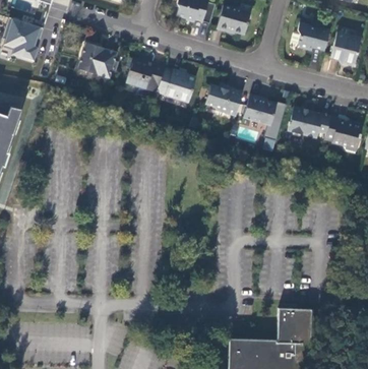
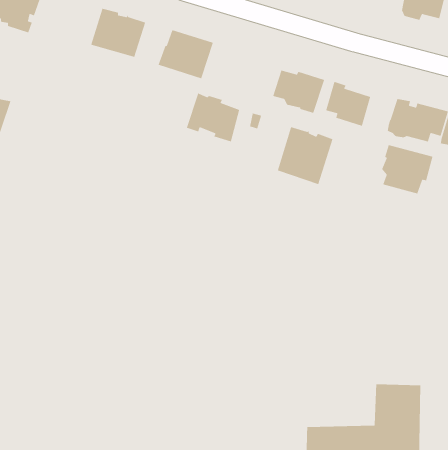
building: [156,66,194,102] -> [186,92,240,142]
building: none -> [277,126,333,185]
building: none -> [381,144,434,195]

